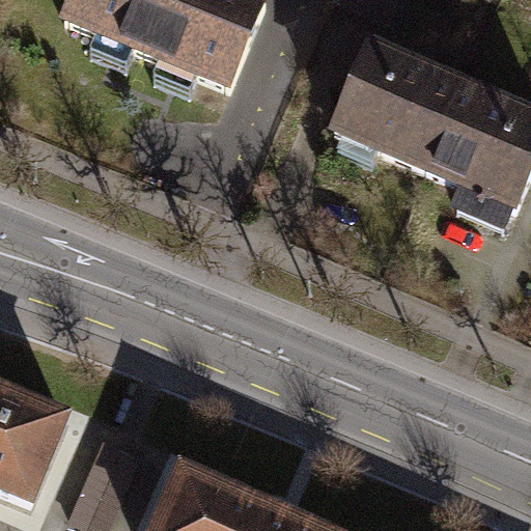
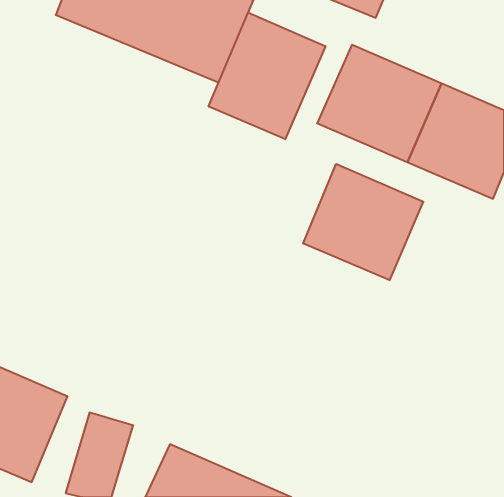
building: none -> [209,13,325,139]
building: none -> [303,164,423,280]

